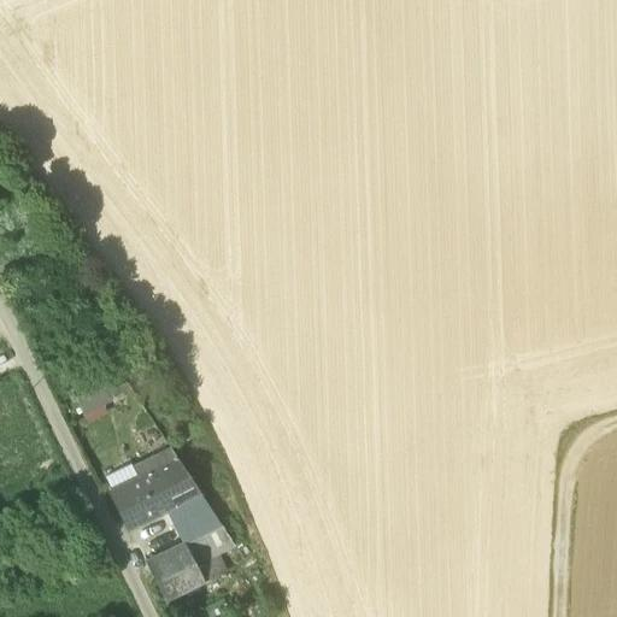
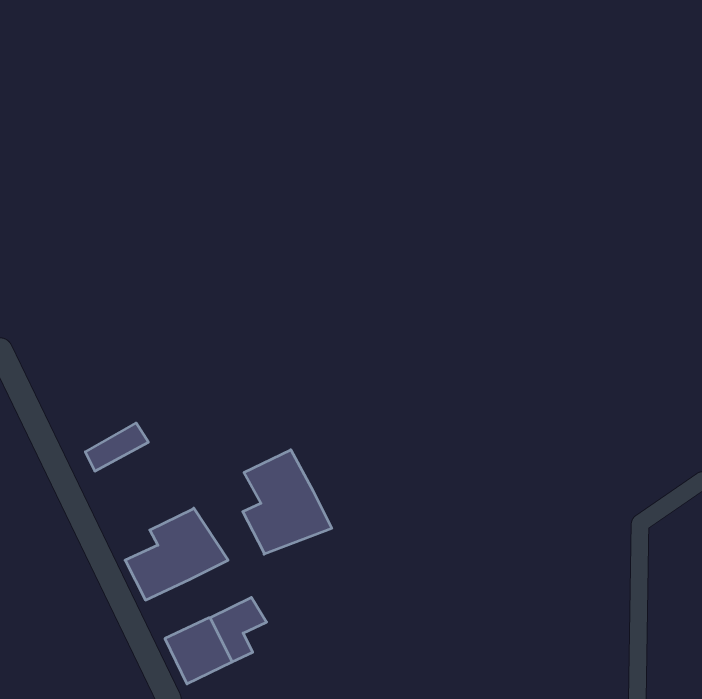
building: none -> [243,450,332,554]
building: [166,492,221,542] -> none

